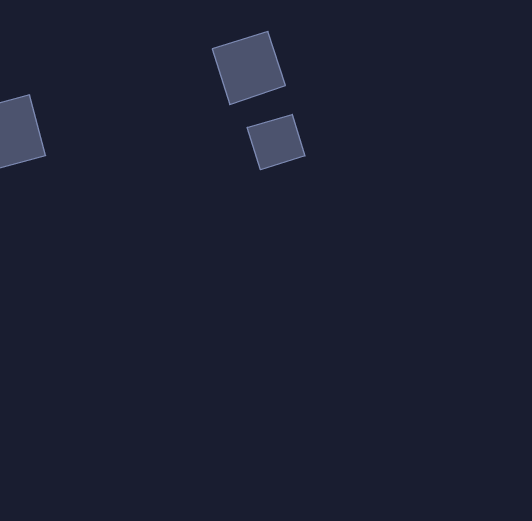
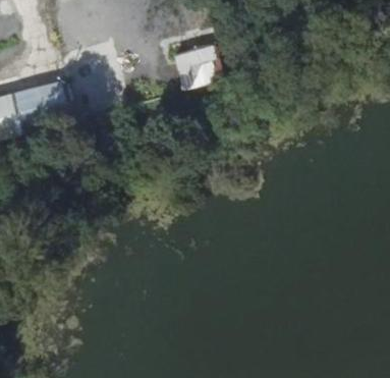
building: [247,114,305,170] -> none

